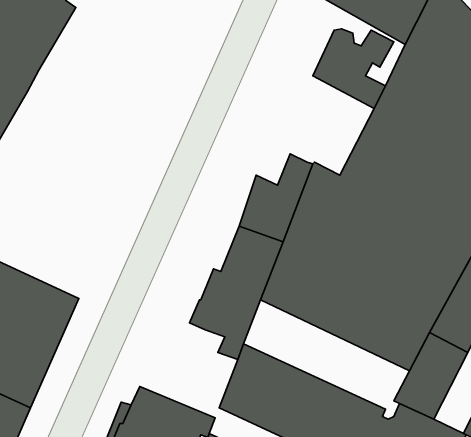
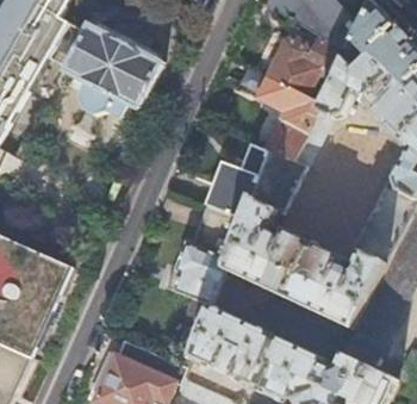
building: none -> [60,23,161,117]
building: none -> [236,67,318,163]

